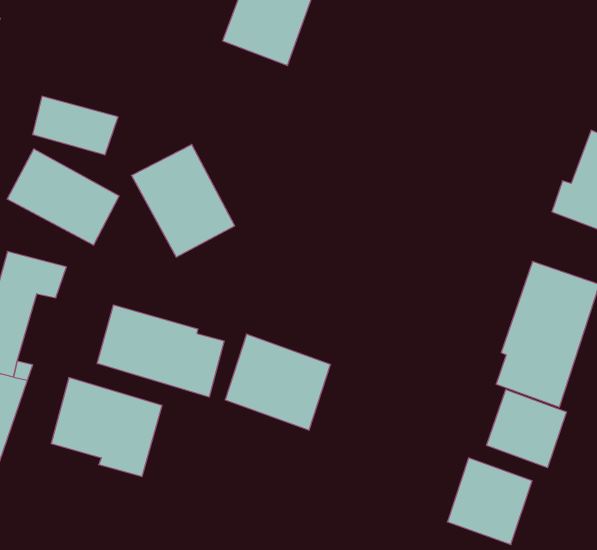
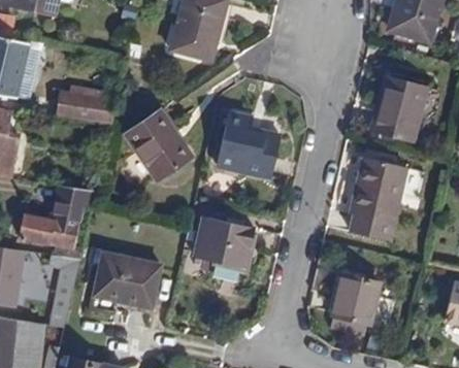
building: [7,149,119,245] -> none
building: none -> [219,112,278,176]
building: [97,305,224,397] -> none
building: [487,389,566,468] -> none

